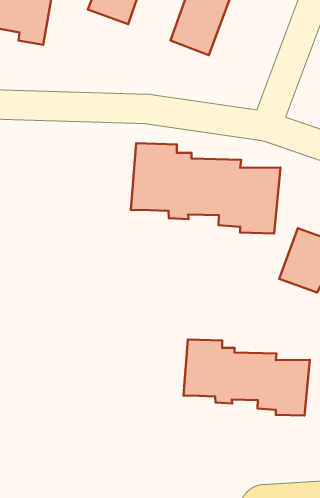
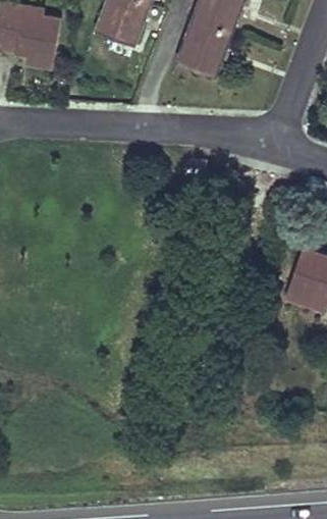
building: [131,143,280,233] -> none
building: [184,340,310,416] -> none

